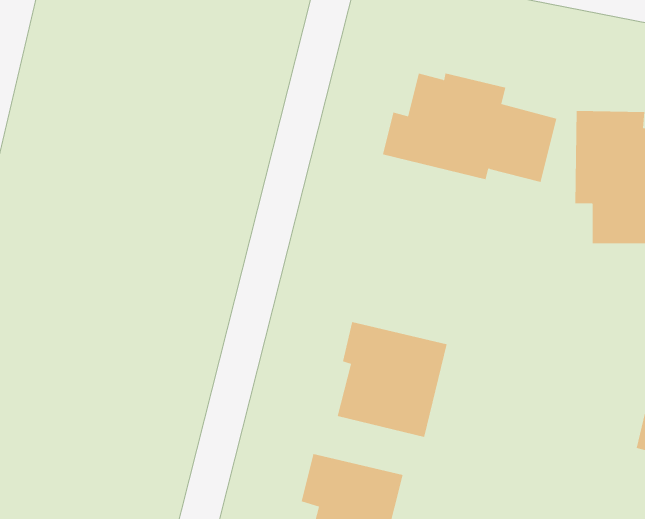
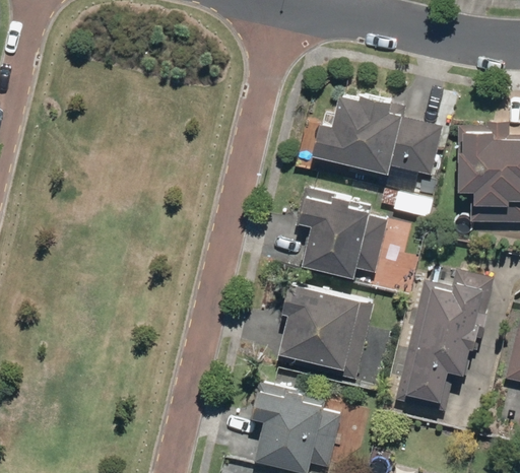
building: none -> [298,189,373,280]
building: none -> [397,270,499,414]

